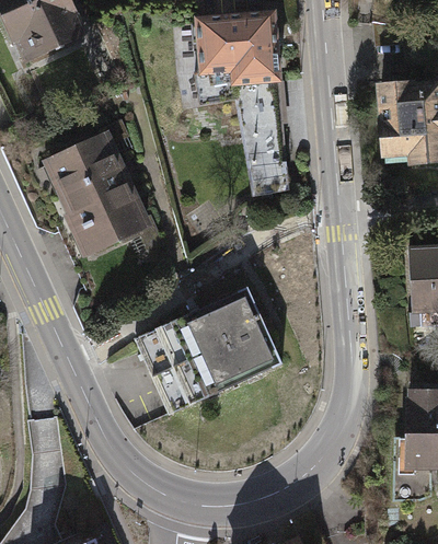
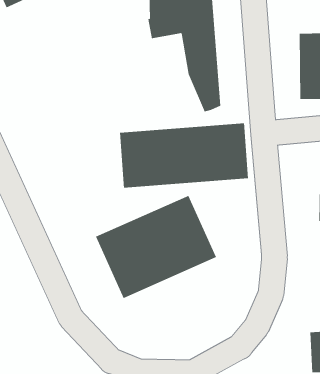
building: [46,131,142,245] -> none
building: none -> [119,122,249,189]

